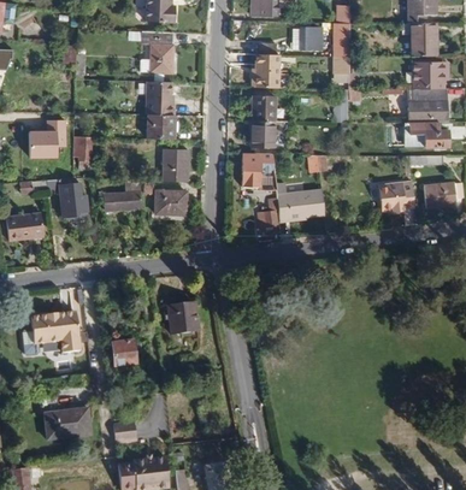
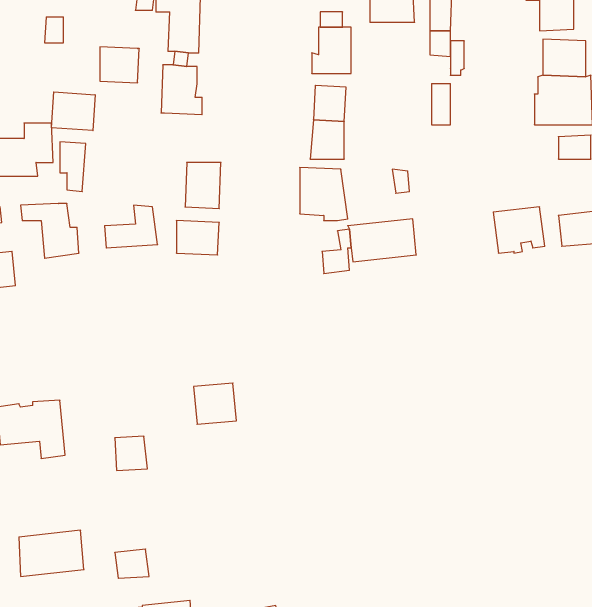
building: none -> [52,92,95,131]
building: [147,114,175,140] -> [100,47,139,83]

